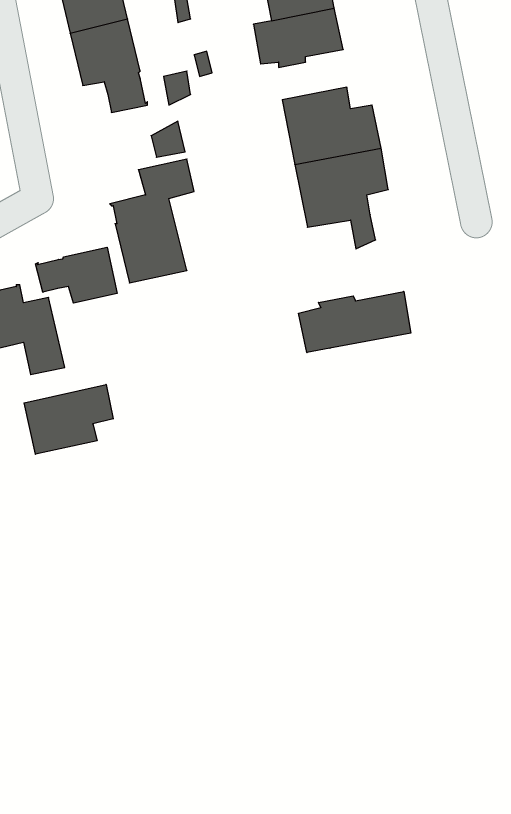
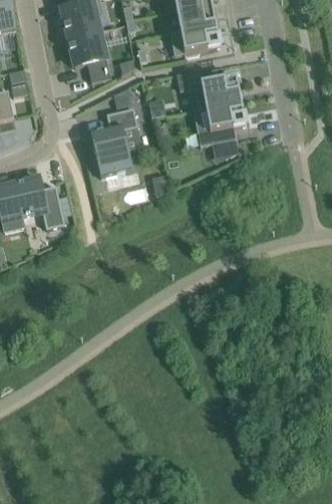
building: [35,247,117,303] -> none
building: [299,291,411,353] -> none
building: [24,384,113,454] -> none

